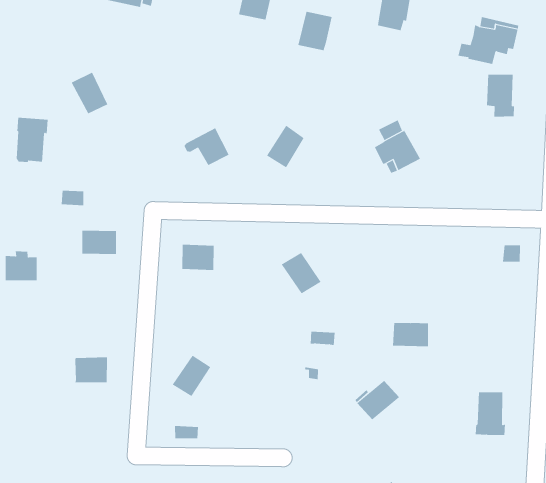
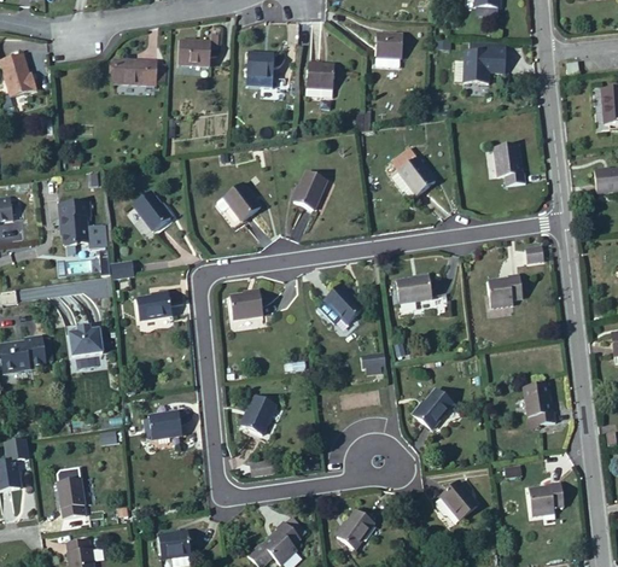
building: [71,72,108,114] -> [133,191,170,230]
building: [486,74,515,117] -> [494,144,525,186]
building: none -> [488,273,521,306]
building: [392,322,429,347] -> [396,276,432,303]

